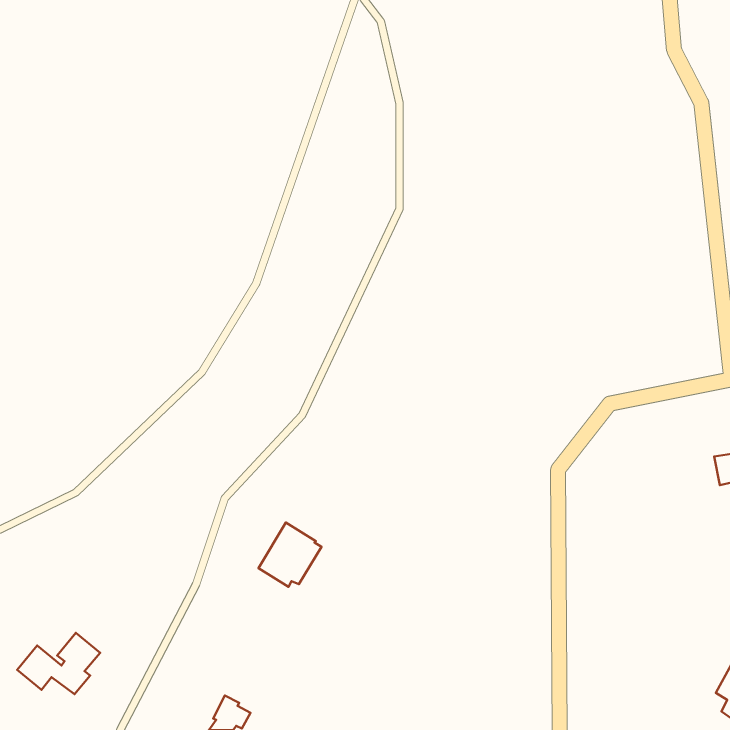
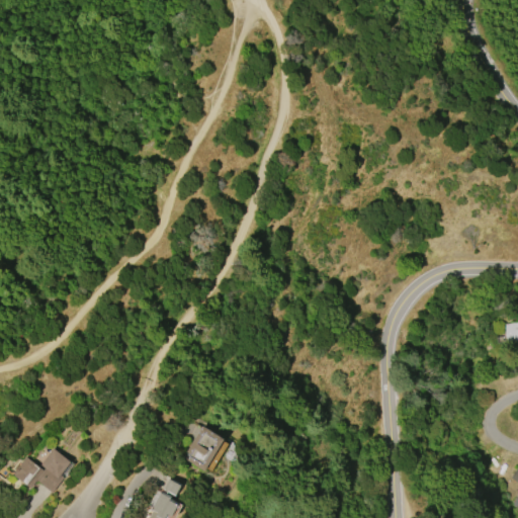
building: [259,522,322,587] -> [183,425,228,470]

